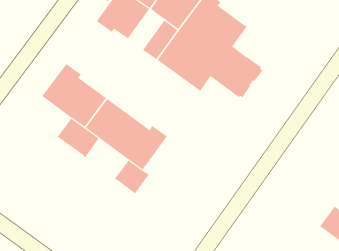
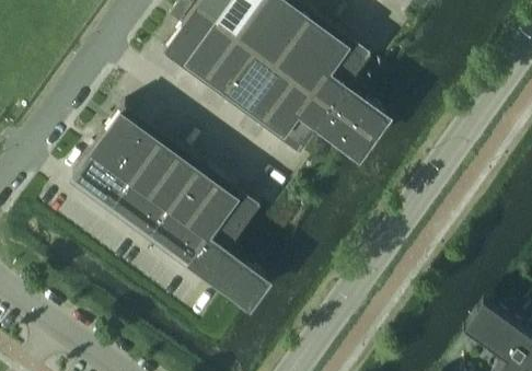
building: none -> [207,38,255,93]
building: none -> [72,154,130,209]
building: none -> [150,211,207,265]
building: none -> [217,259,267,308]

